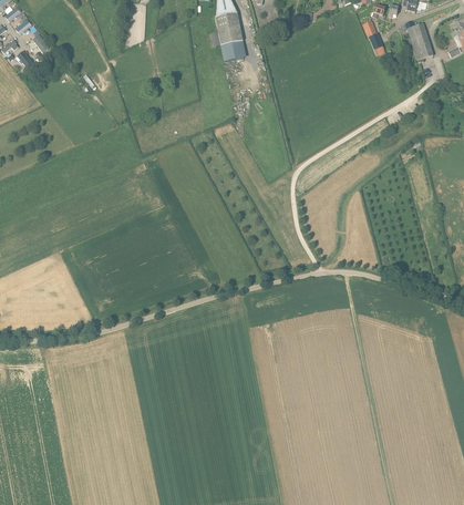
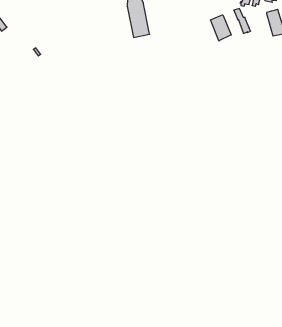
building: none -> [211,15,231,41]

